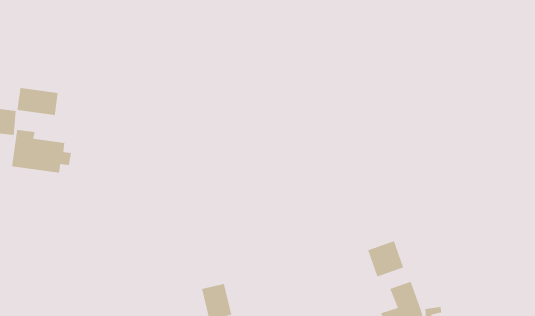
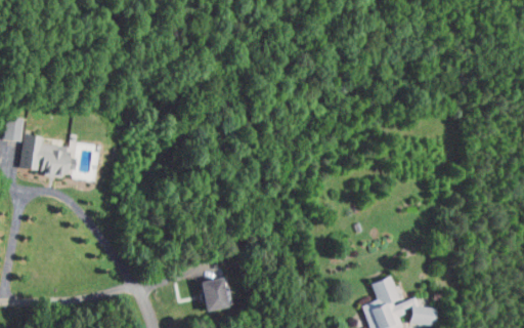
building: [17,87,59,116] -> none
building: [367,240,404,278] -> none

